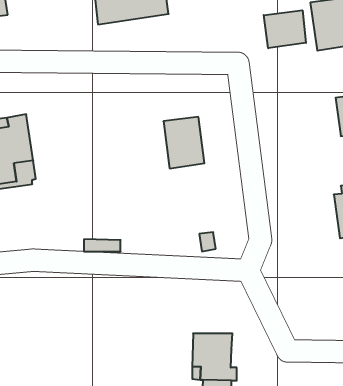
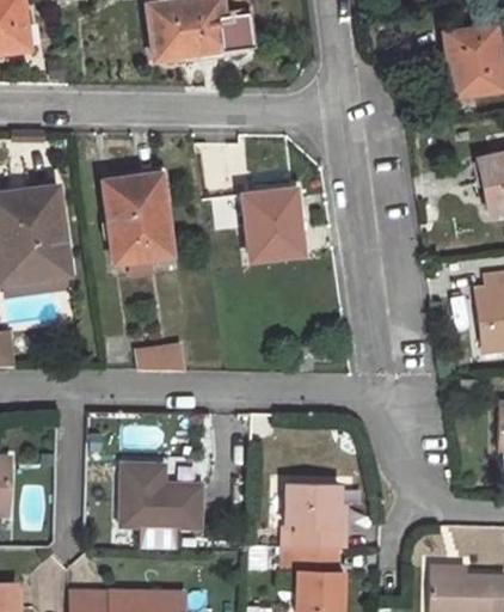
building: [264,10,306,48] -> none
building: none -> [106,177,172,262]
building: none -> [121,465,201,531]

